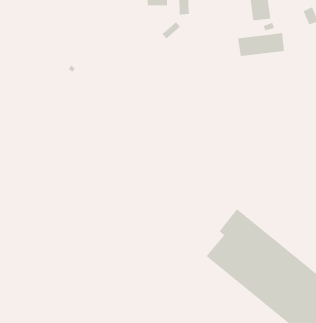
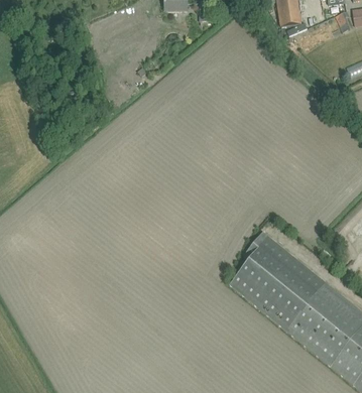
building: [237,32,285,57] -> none

